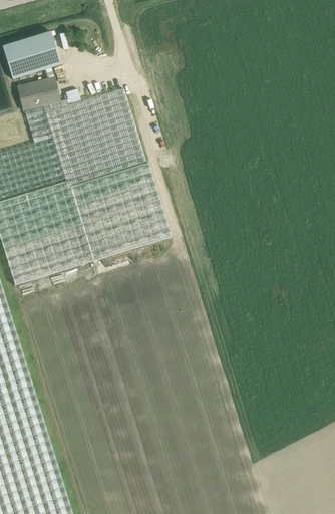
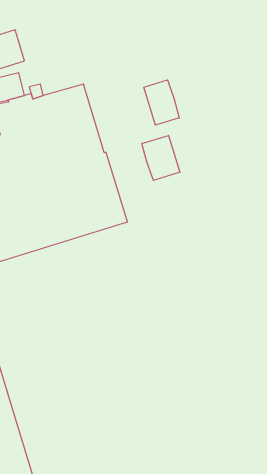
building: none -> [144,80,179,125]
building: none -> [142,135,180,180]

